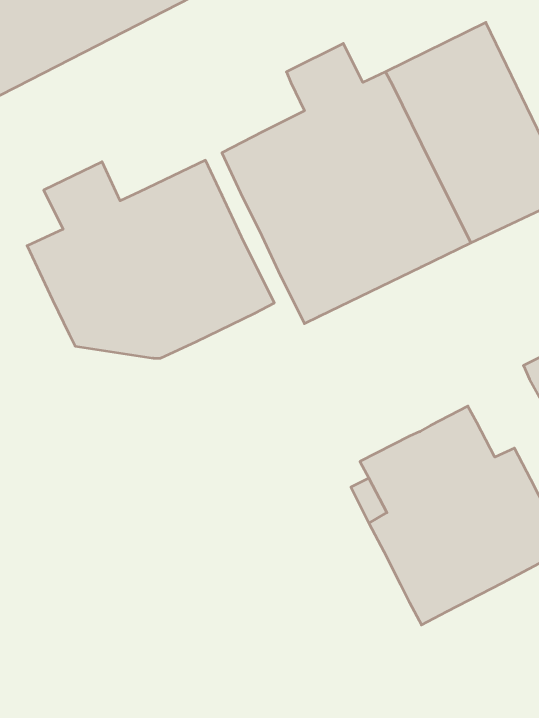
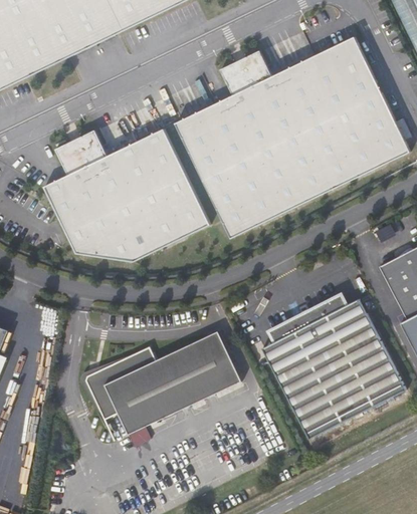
building: none -> [347,295,372,325]
building: none -> [83,330,240,435]

